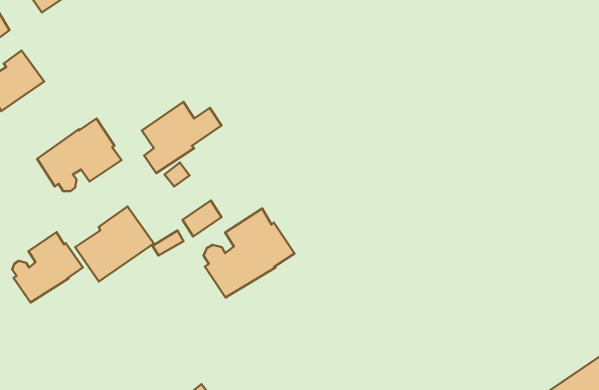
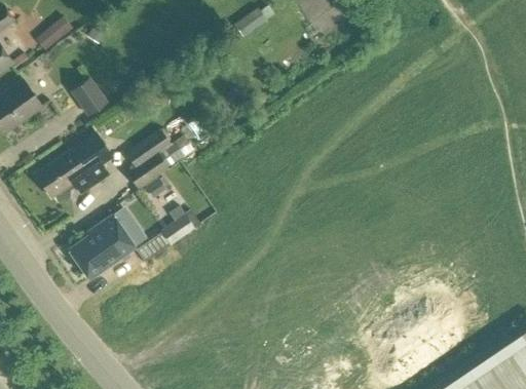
building: none -> [71,74,109,113]
building: [204,208,295,298] -> none
building: [12,232,83,302] -> none

